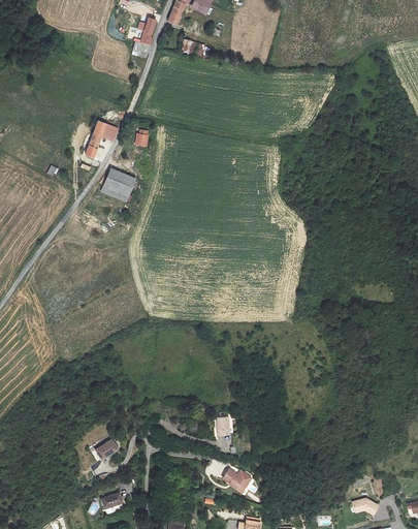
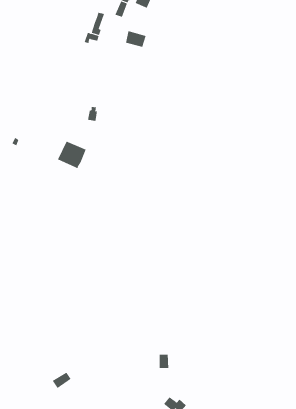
building: [85,120,119,158] -> none

